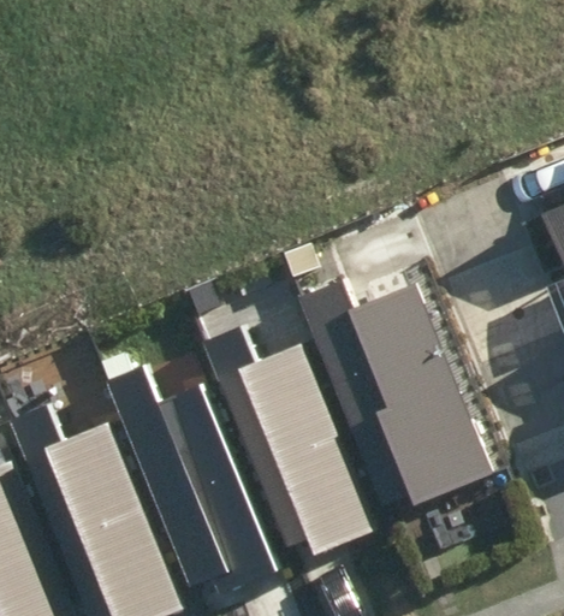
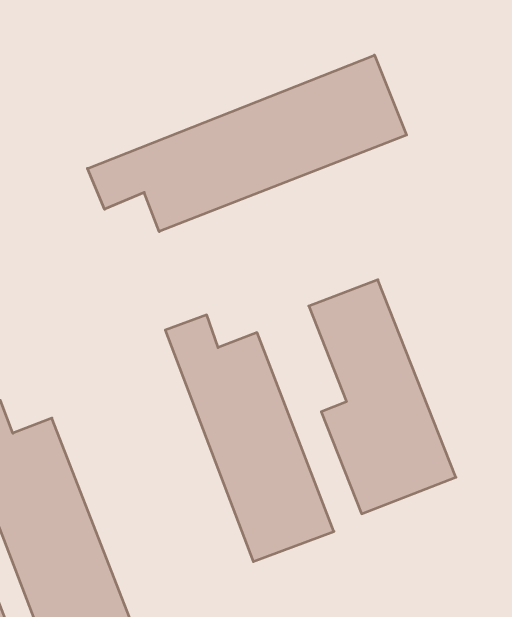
building: none -> [87,55,407,232]
building: [111,362,275,600] -> none

